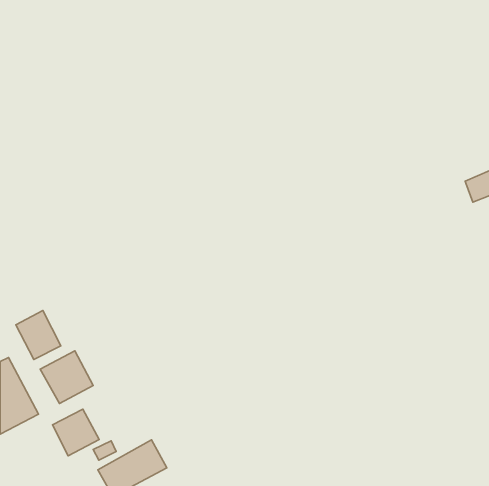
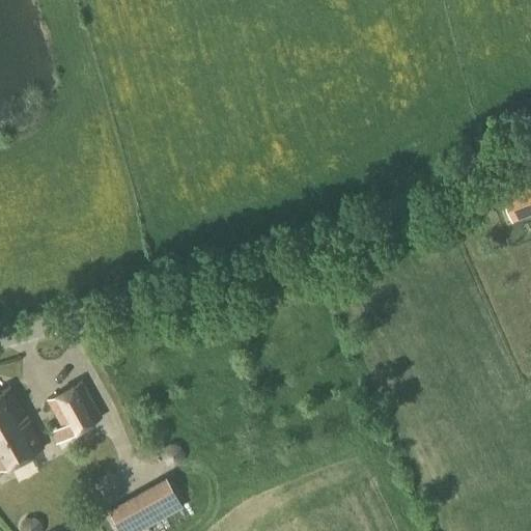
building: [16,311,61,359] -> none
building: [53,409,99,456] -> none

